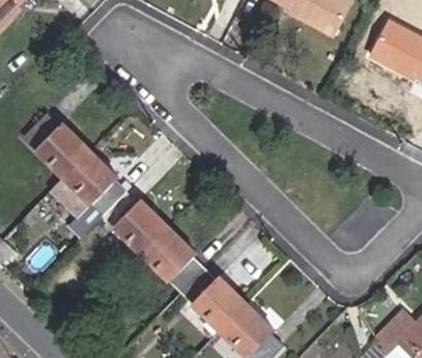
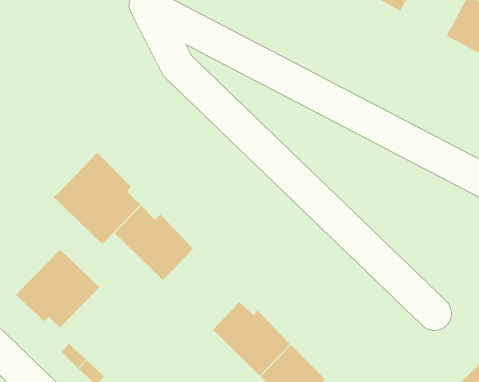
building: [26,115,90,175] -> none
building: [143,226,204,292] -> none
building: none -> [15,249,100,328]

